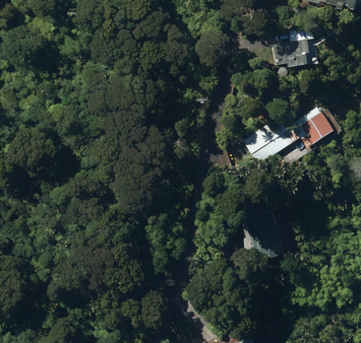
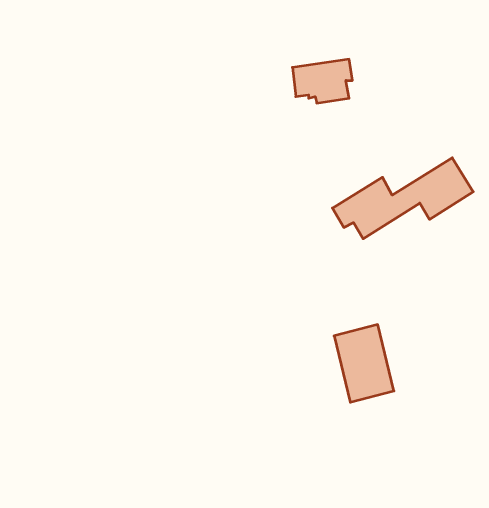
building: [272,40,309,67] -> [292,59,352,103]

